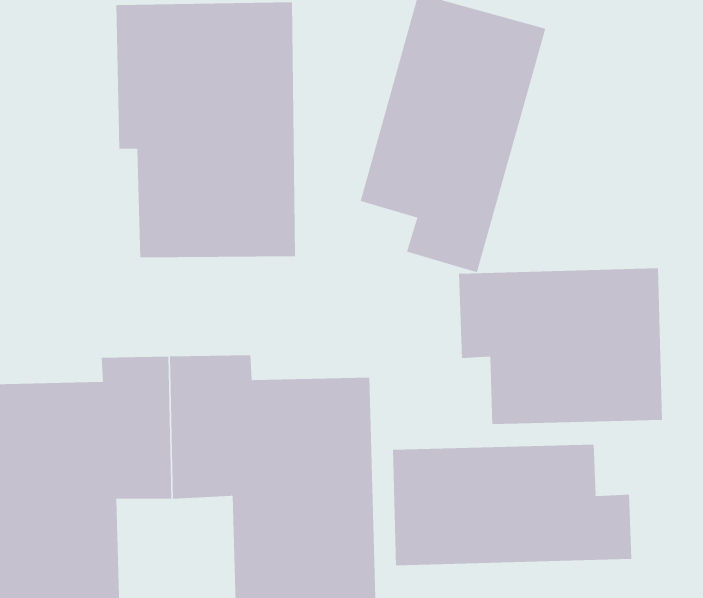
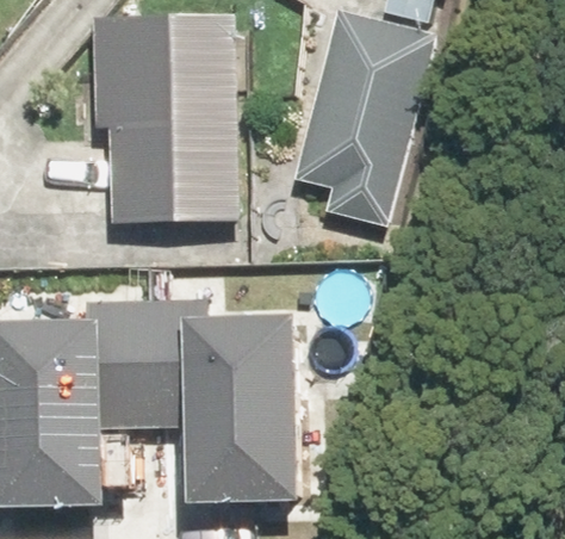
building: [459,268,663,425] -> none
building: [392,444,632,566] -> none

